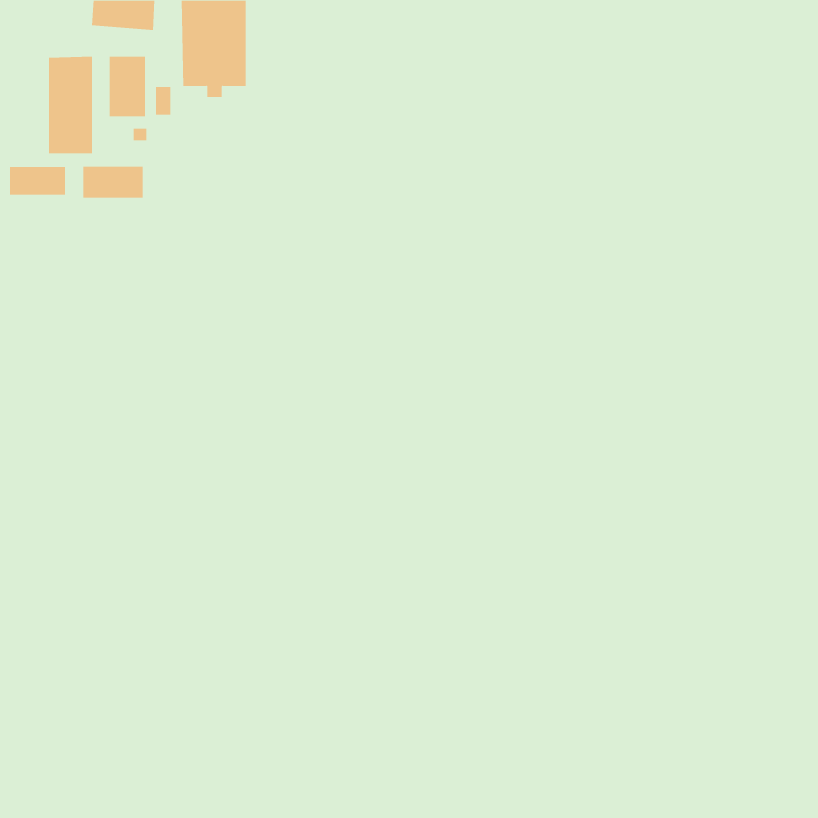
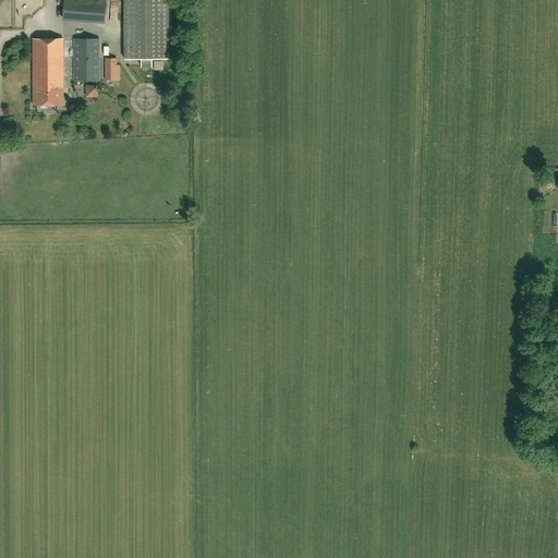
building: [83,166,143,199] -> none
building: [10,166,66,196] -> none

